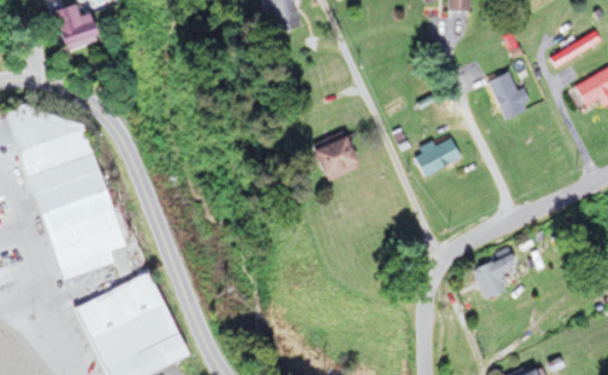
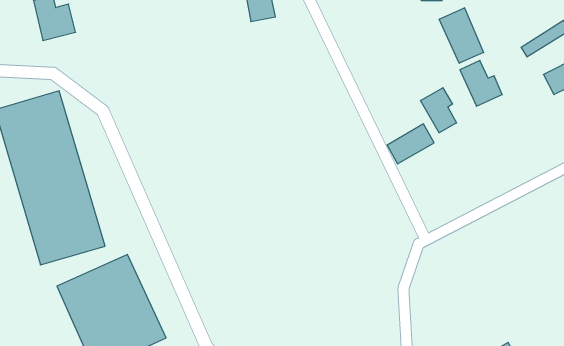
building: none -> [439,8,484,63]
building: none -> [421,88,457,133]
building: [309,137,357,181] -> none
building: [475,252,520,298] -> none

